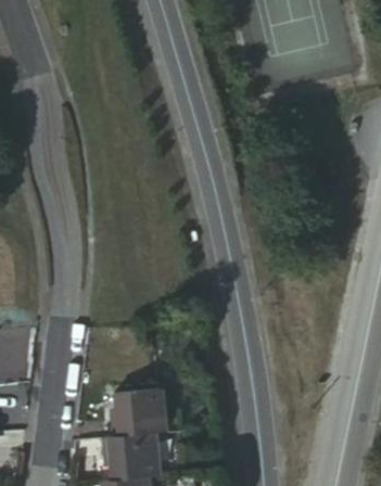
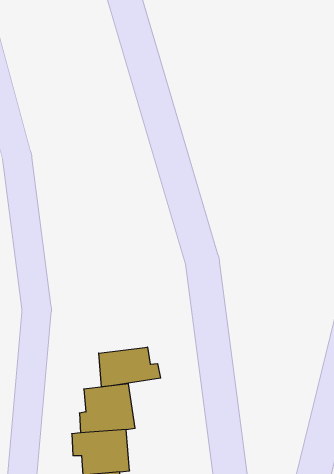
building: none -> [99,347,161,387]

